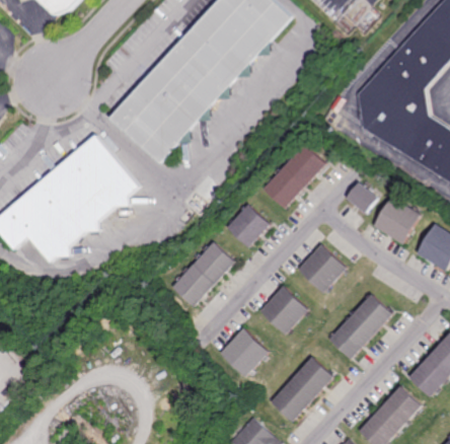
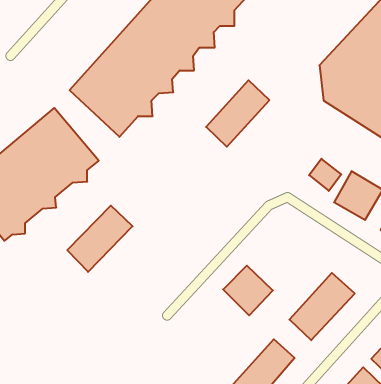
building: [268,141,329,206] -> [206,80,269,147]
building: [229,203,273,247] -> none
building: [173,241,237,306] -> [67,206,133,272]
building: [300,245,345,290] -> none
building: [222,327,271,376] -> none

